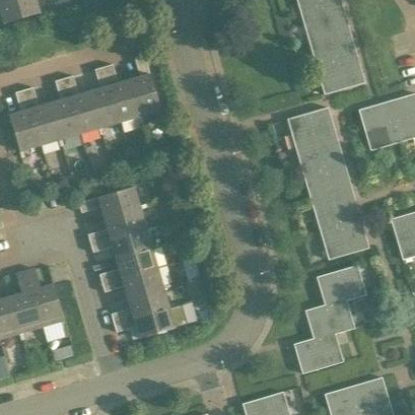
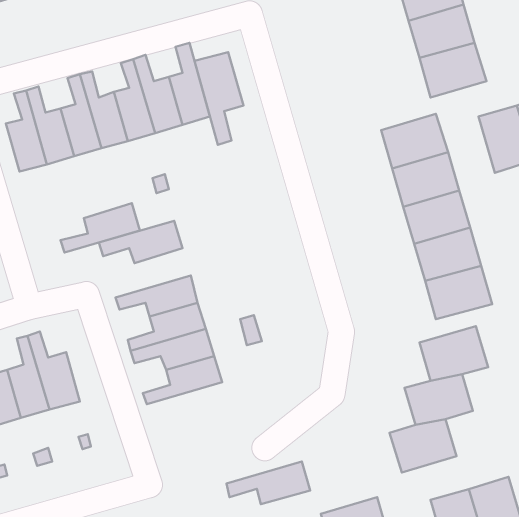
building: none -> [194,52,243,145]
building: [87,207,146,244] -> [61,203,140,253]
building: [114,306,176,338] -> [227,462,310,504]

